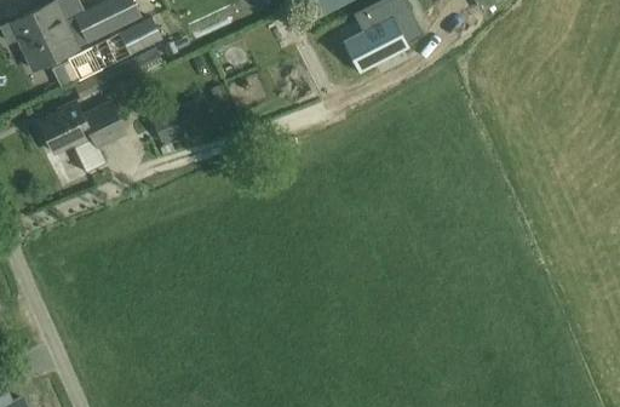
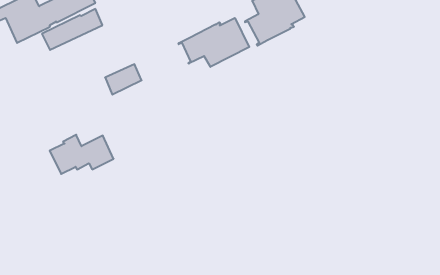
building: none -> [179,18,249,67]
building: [38,99,125,153] -> [50,135,114,174]

